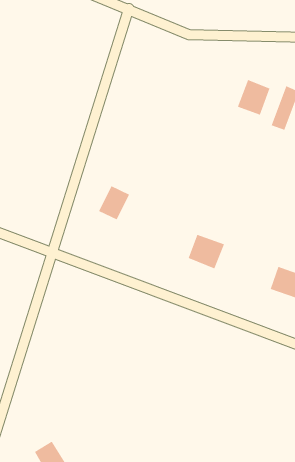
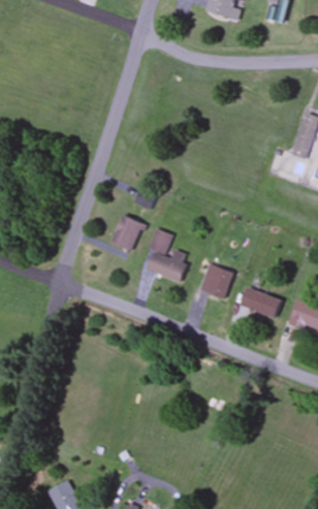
building: [237,79,270,116] -> none
building: none -> [142,229,186,280]
building: none -> [246,291,286,320]

